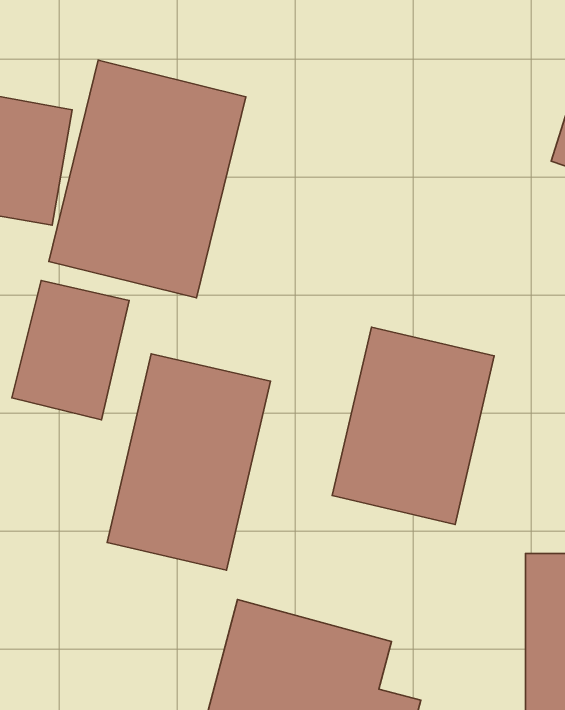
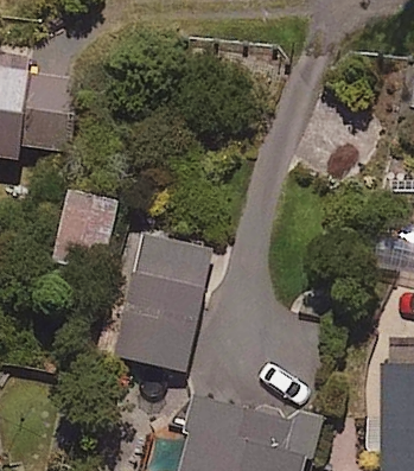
building: [49,60,246,298] -> none
building: [332,327,494,524] -> none

